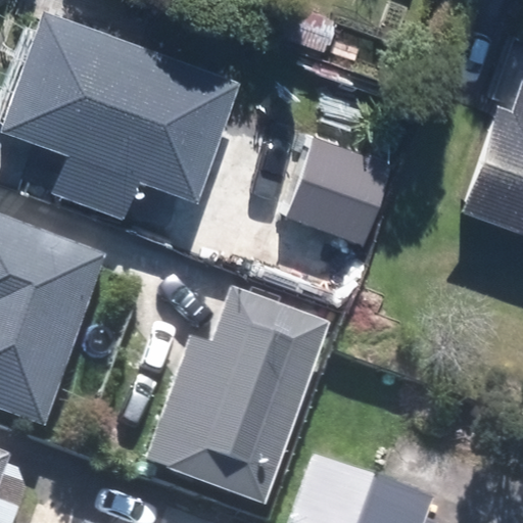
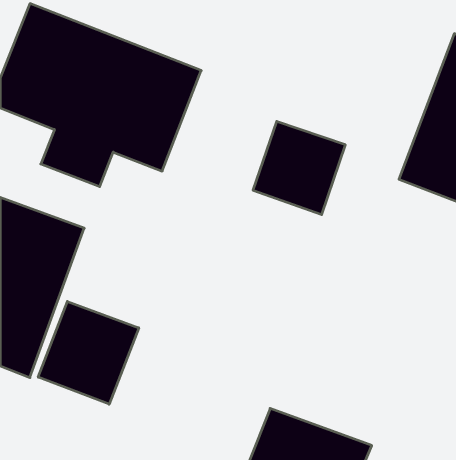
building: [150,294,326,505] -> none
building: none -> [38,301,139,404]

